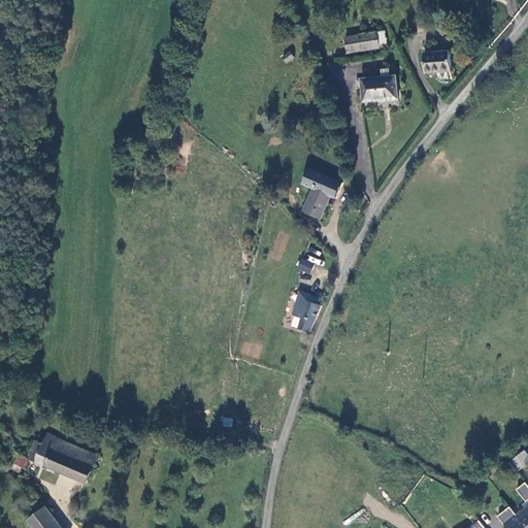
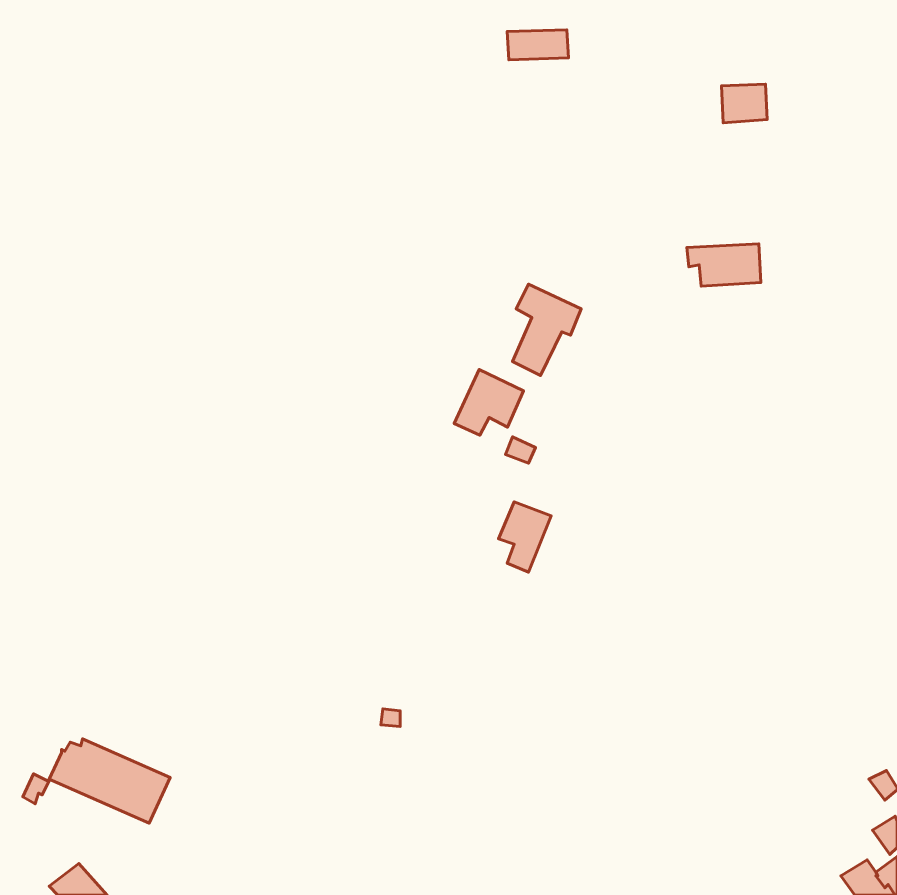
building: [341,34,377,52] -> [507,30,568,60]
building: [353,78,396,103] -> [687,244,761,286]
building: none -> [454,369,523,435]

